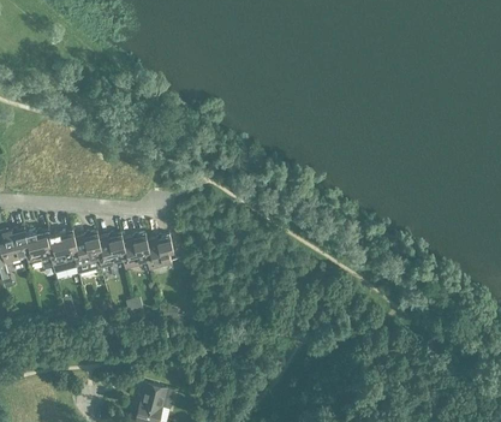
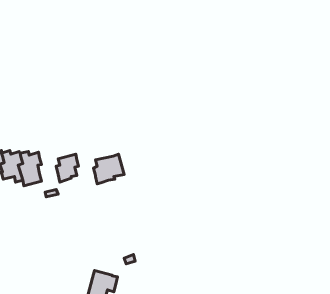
building: [72,230,101,272] -> none
building: [120,232,149,268] -> none

